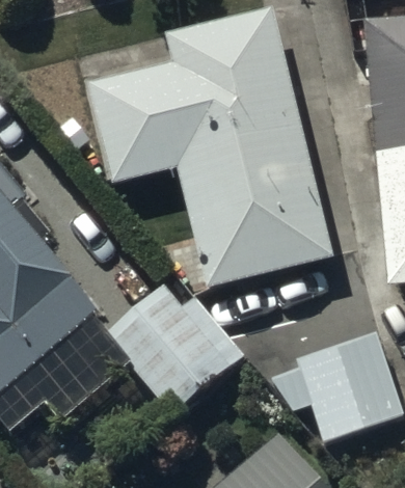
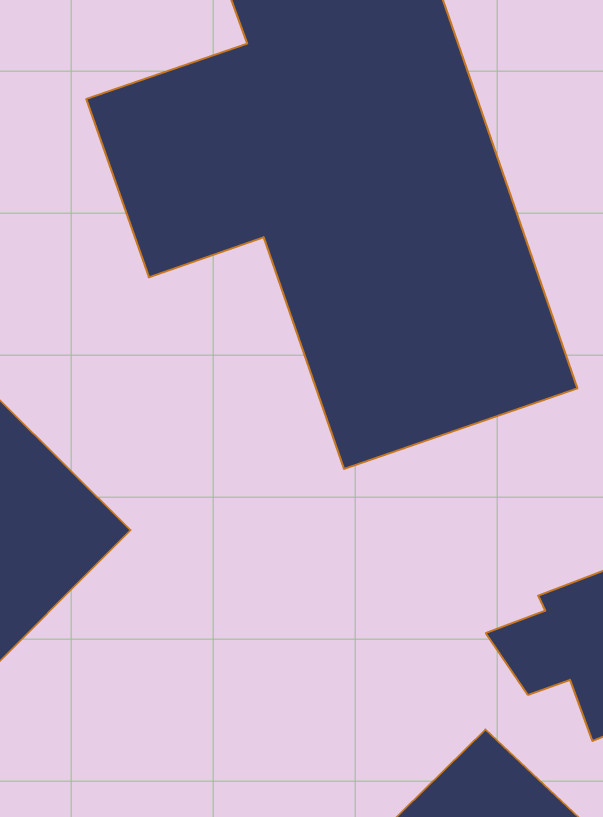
building: [103,272,244,412] -> none

